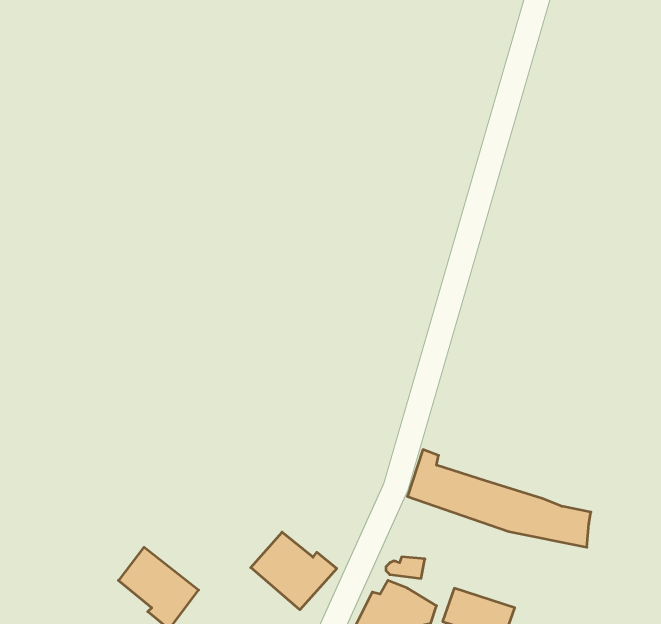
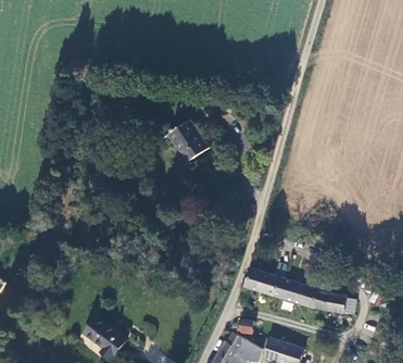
building: none -> [165,122,205,162]
building: [251,532,337,610] -> none

